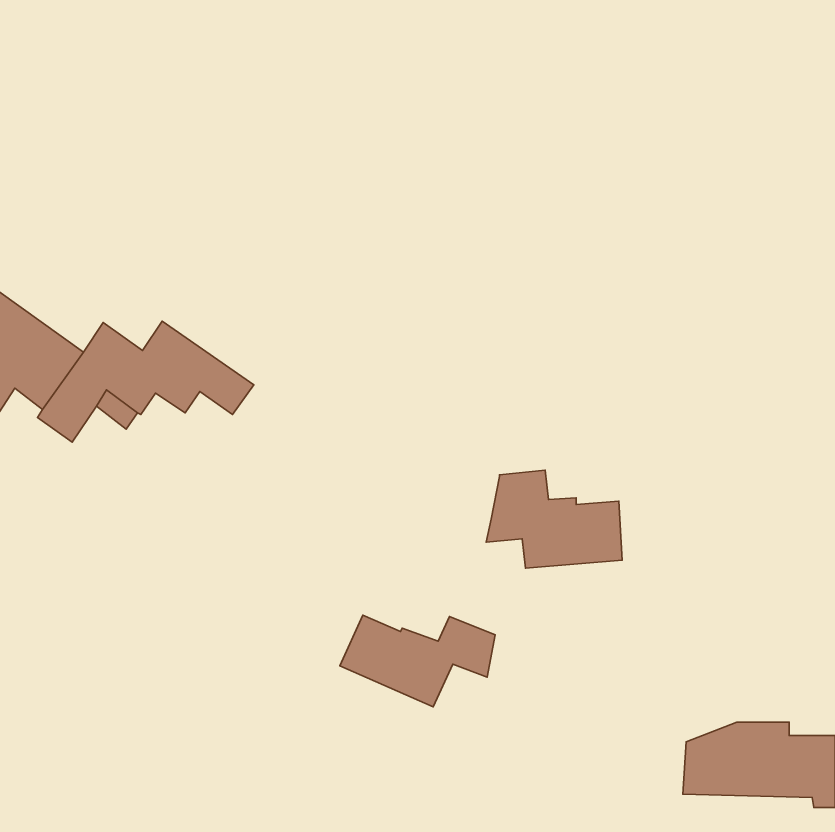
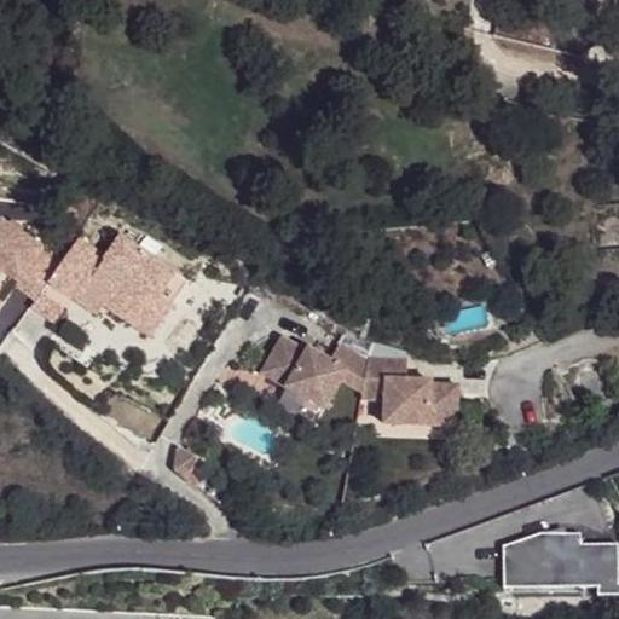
building: none -> [104,289,172,339]
building: [340,615,495,707] -> [254,337,369,405]

